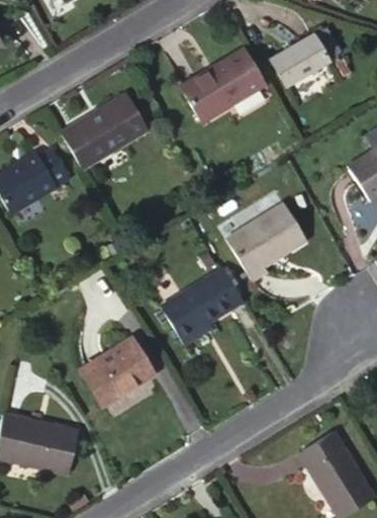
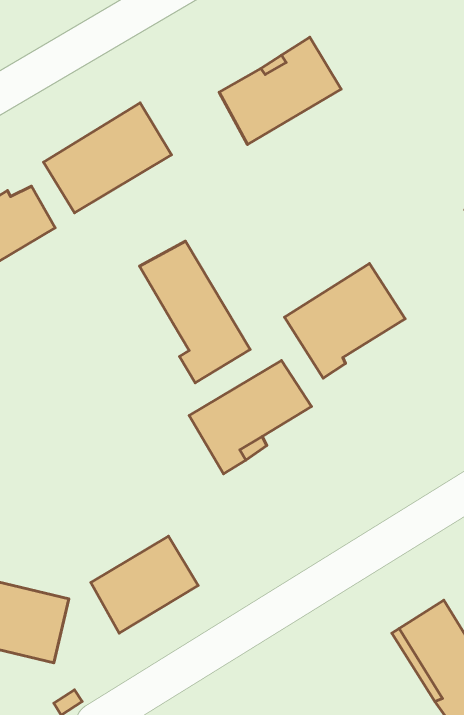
building: [273,34,329,85] -> none
building: none -> [139,241,250,383]
building: [82,338,155,404] -> [91,536,198,633]

